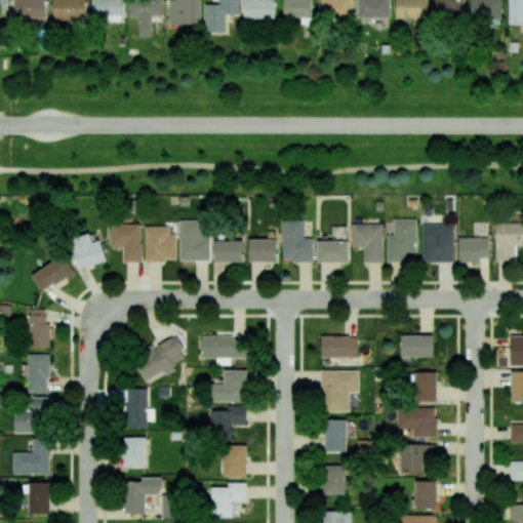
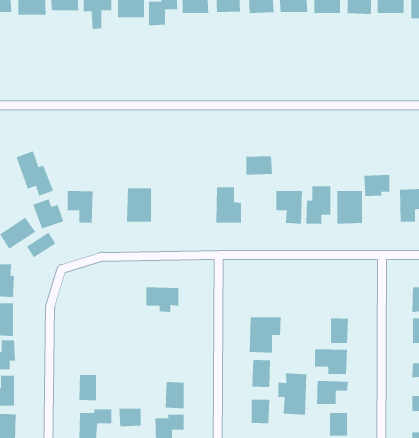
building: none -> [16,151,54,196]
building: [145,227,176,260] -> none
building: [458,237,489,263] -> [364,175,390,197]
building: [249,239,277,261] -> none
building: [214,240,243,263] -> none
building: [317,240,349,263] -> [245,156,273,175]
building: none -> [26,232,56,258]
building: [133,335,186,380] -> none
building: [400,335,434,357] -> none
building: [321,336,358,358] -> none
building: [210,370,247,402] -> none
building: [125,388,147,428] -> none
building: [211,406,246,439] -> none
building: none -> [278,372,307,415]
building: none -> [119,408,141,427]

